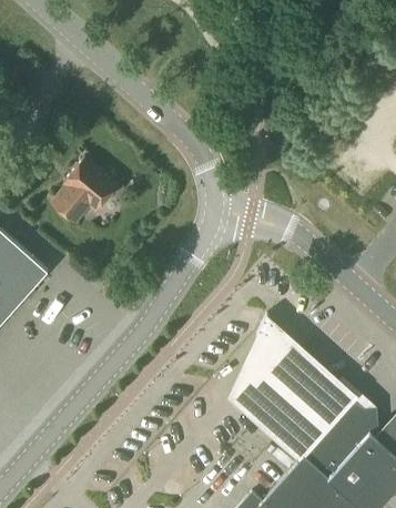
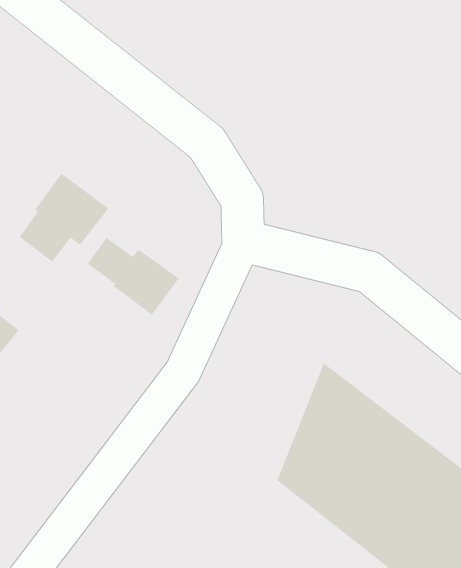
building: none -> [87,237,179,315]

